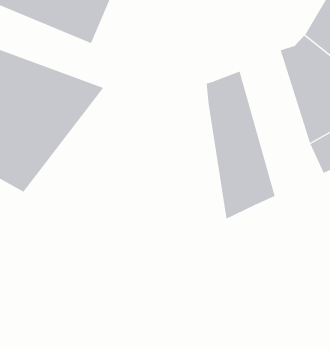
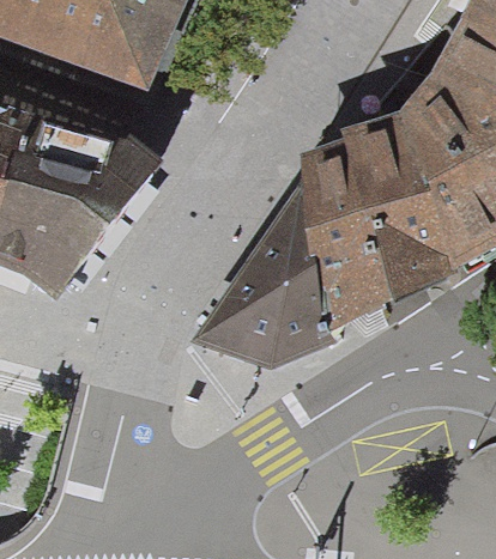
building: none -> [343,107,456,300]
building: none -> [193,178,329,364]

